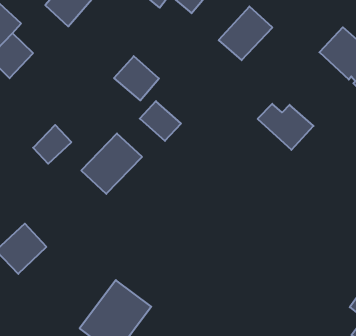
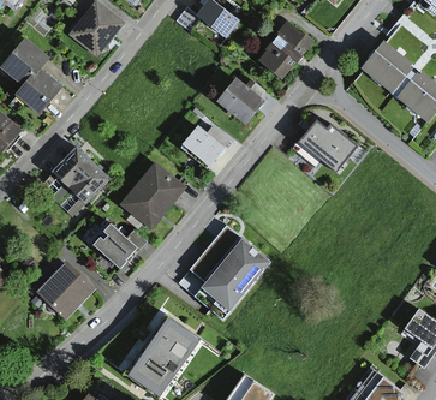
building: [114,56,159,100] -> [214,80,261,126]
building: none -> [52,145,90,185]
building: none -> [91,223,136,268]
building: none -> [184,222,273,312]

